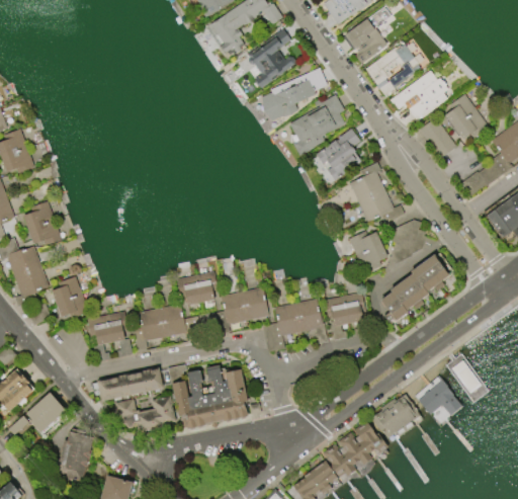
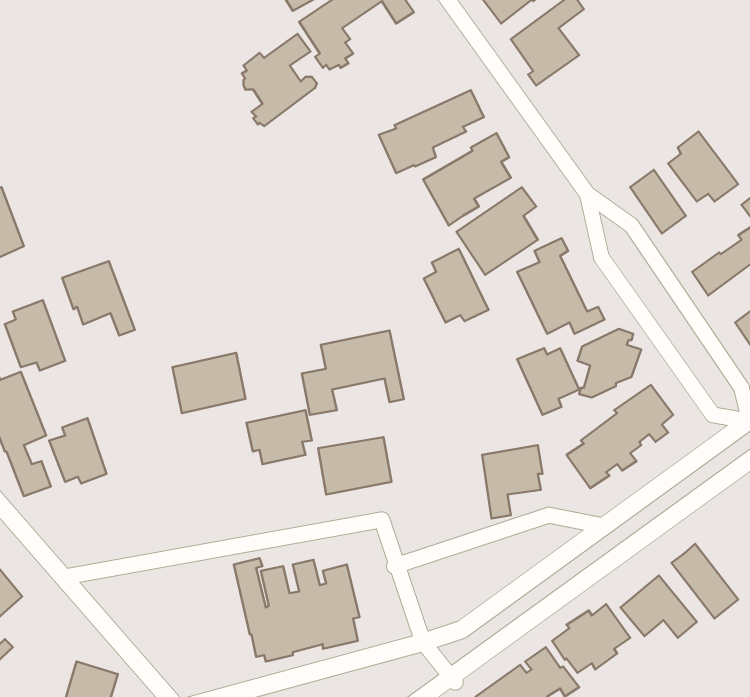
building: [248,29,295,88] -> [242,34,317,126]
building: [365,45,421,96] -> none
building: [390,71,448,120] -> none
building: none -> [424,249,489,322]
building: none -> [62,261,135,336]
building: [263,299,328,352] -> [302,331,404,415]
building: [140,304,186,342] -> [172,353,246,413]
building: [87,312,133,361] -> none
building: [97,367,164,401] -> none
building: [26,393,67,433] -> none
building: [115,397,176,433] -> none

